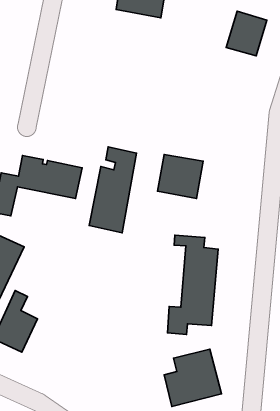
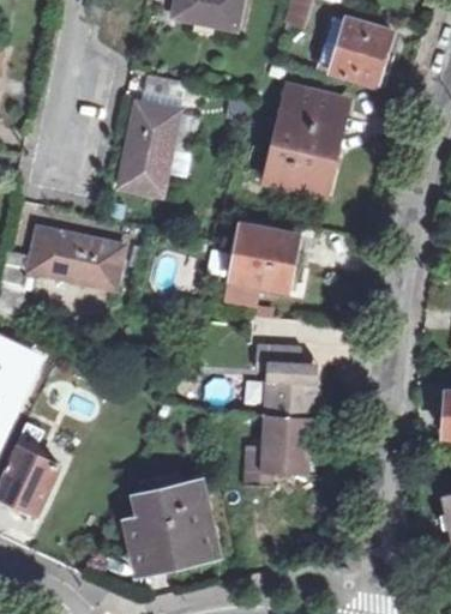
building: none -> [267,92,347,194]
building: [89,147,136,233] -> [118,73,186,198]
building: [164,349,221,406] -> [128,487,211,570]

